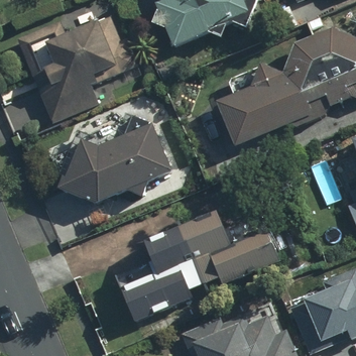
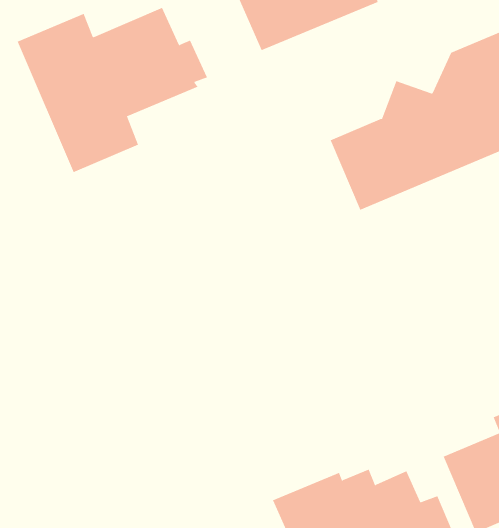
building: [57,124,172,205] -> none
building: [123,212,279,321] -> none

